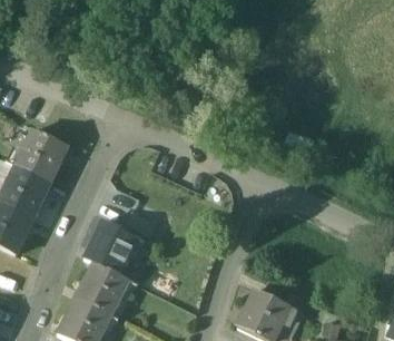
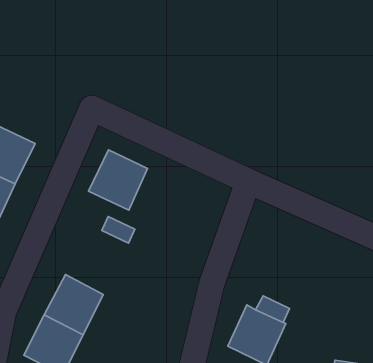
building: [85,221,137,274] -> [88,150,148,210]

